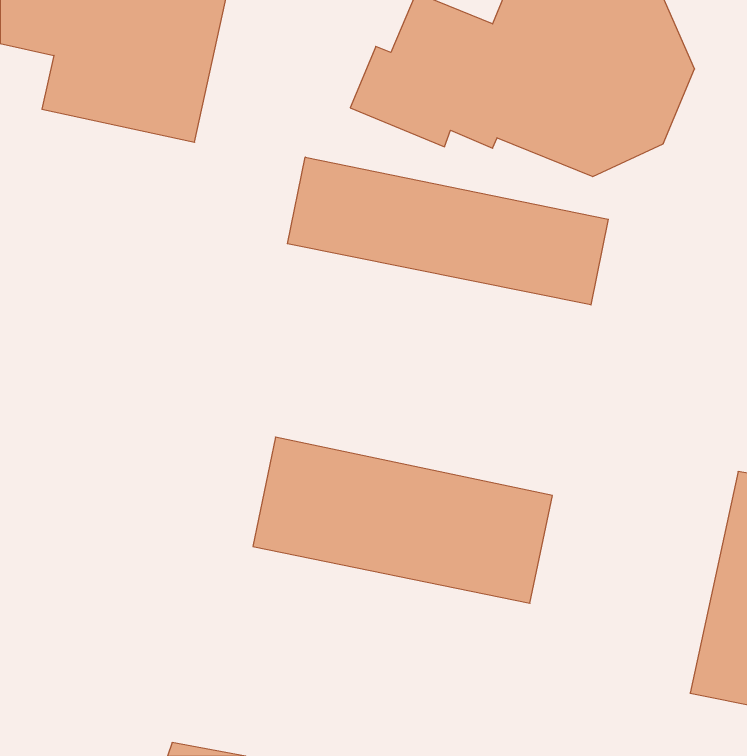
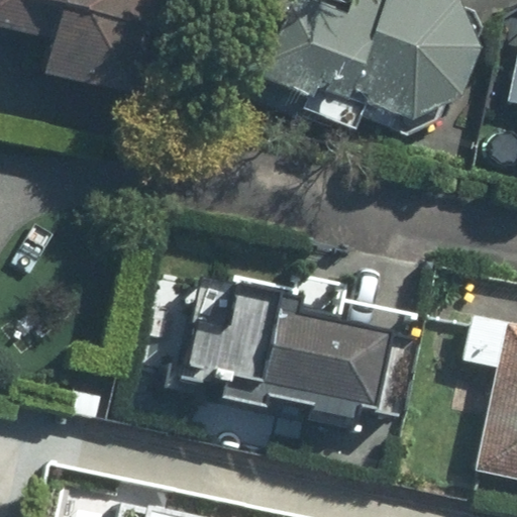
building: [287,157,608,305] -> none

